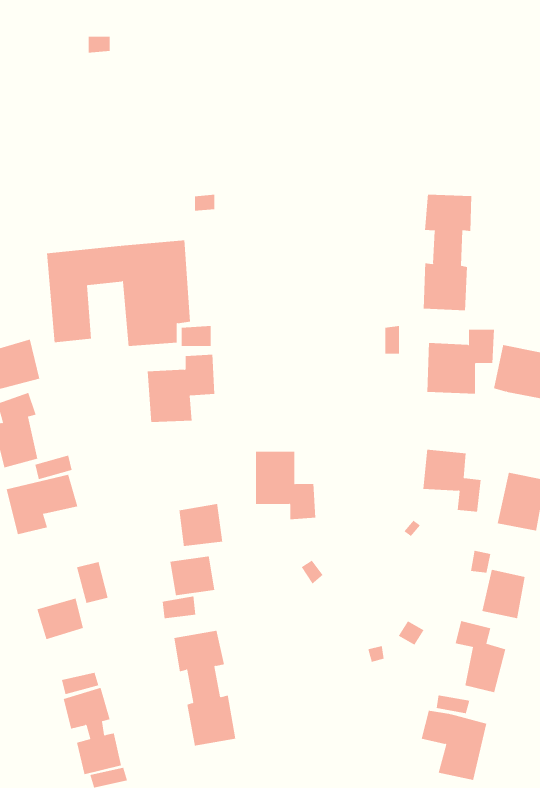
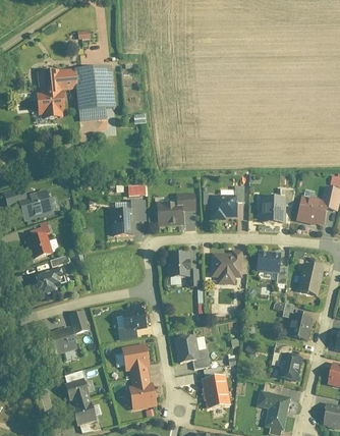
building: [423,194,472,311] -> none
building: [46,240,191,347] -> [37,64,114,121]
building: none -> [157,192,195,225]
building: none -> [210,195,234,220]
building: none -> [210,253,247,285]
building: [179,503,223,547] -> none
building: none -> [174,336,209,371]
building: none -> [201,372,230,405]

